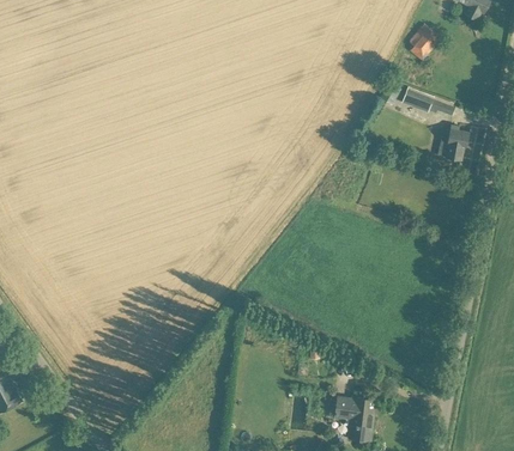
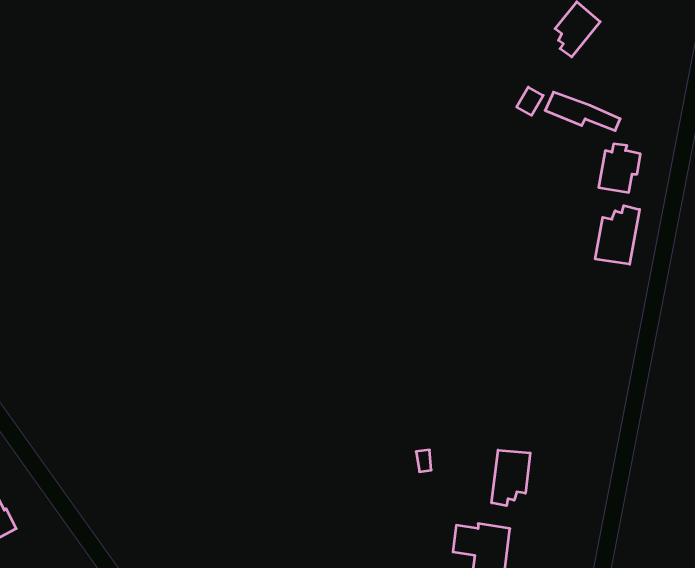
building: none -> [595,206,640,264]
building: none -> [492,450,530,506]

